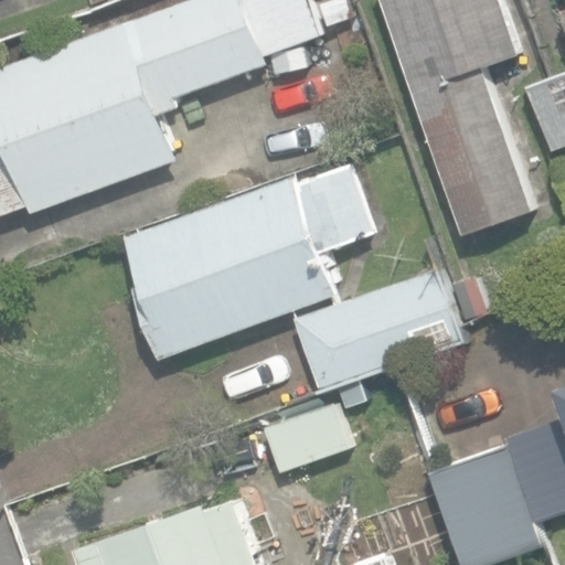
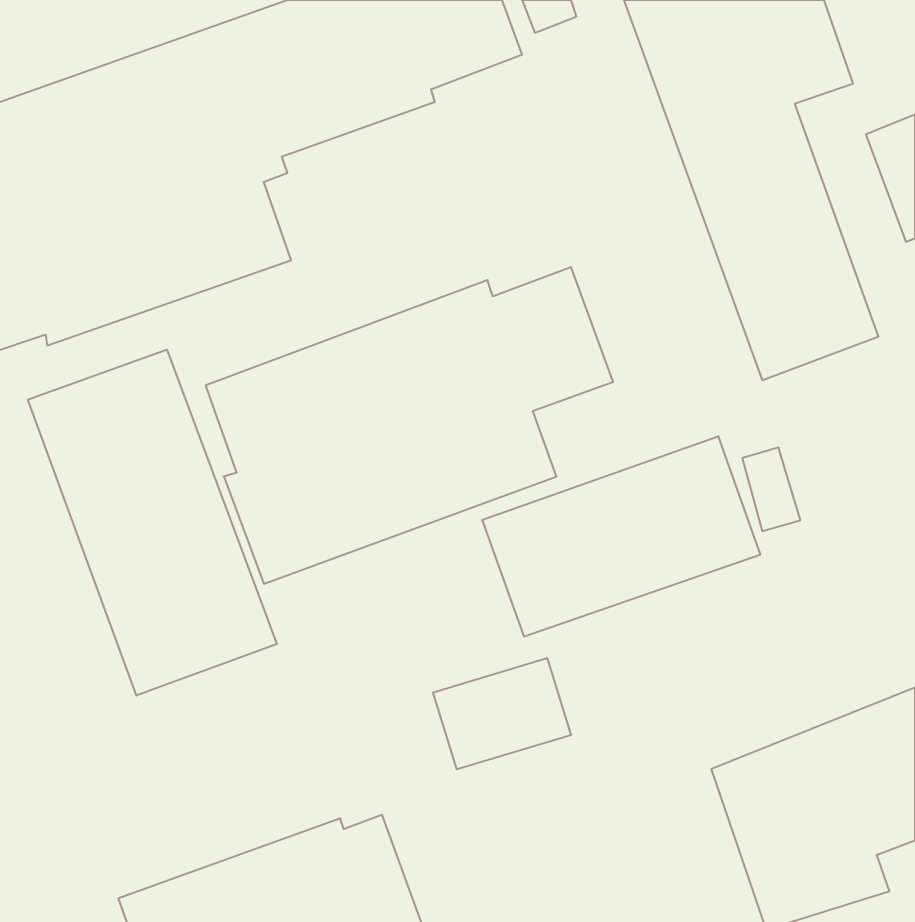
building: none -> [28,350,277,696]

